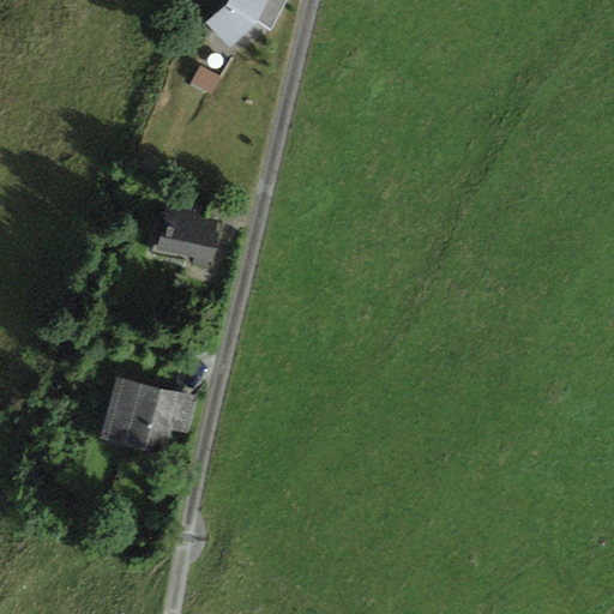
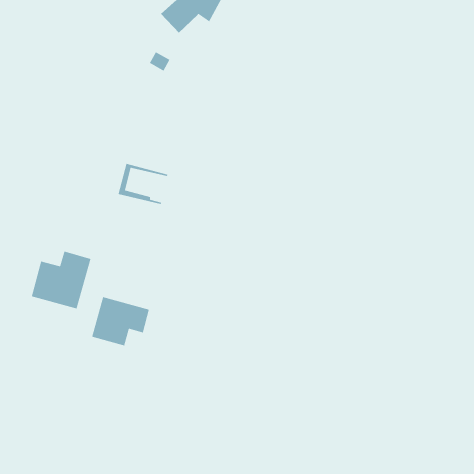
building: [162,217,216,260] -> none
building: none -> [31,251,91,310]

